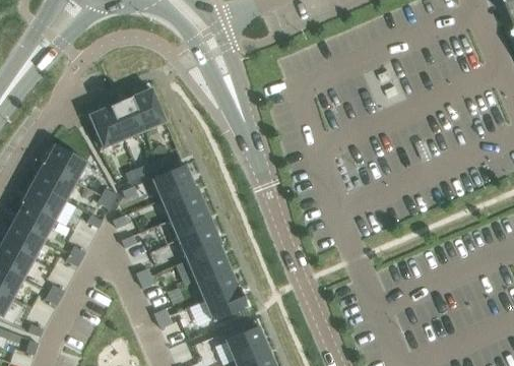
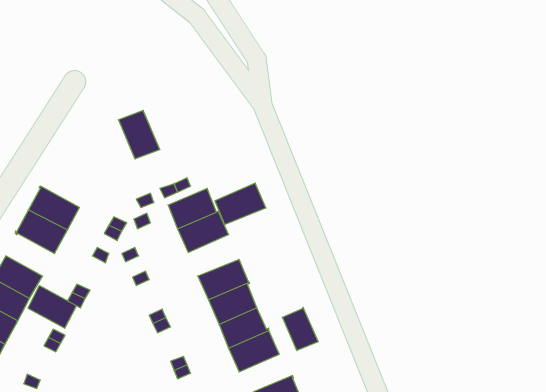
building: [131,87,166,130] -> none
building: [88,105,124,147] -> none
building: [45,143,87,180] -> none
building: [13,202,55,239] -> [28,286,77,328]
building: [170,203,213,239] -> [215,183,266,224]
building: none -> [283,307,318,351]

